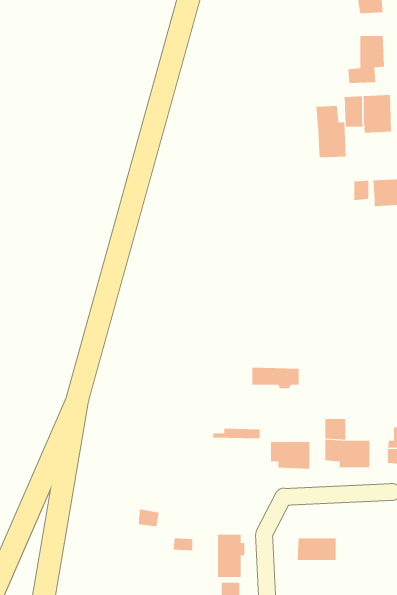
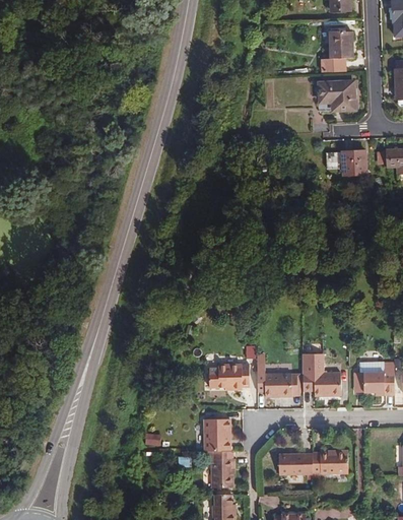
building: [316,105,346,158] -> none
building: [251,367,300,389] -> [207,370,248,388]
building: none -> [204,417,230,451]
building: none -> [312,451,347,473]

